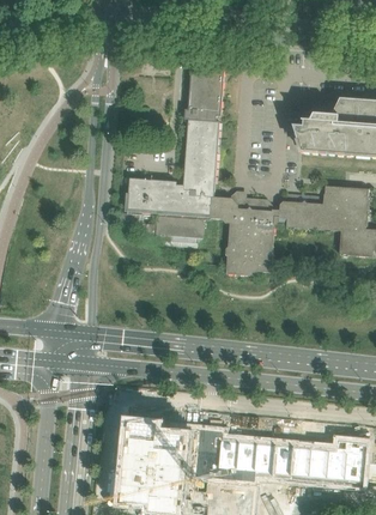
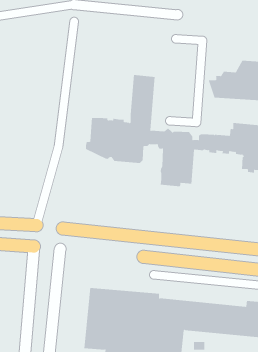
building: [186,54,225,120] -> none

